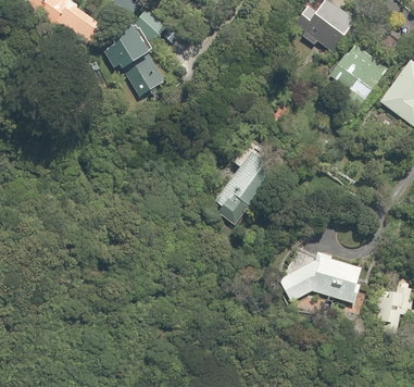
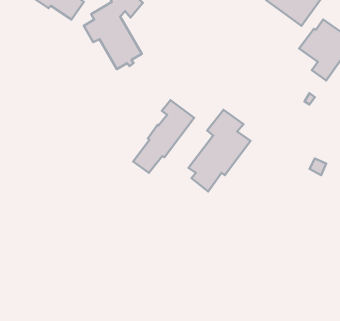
building: none -> [133,100,194,173]
building: [279,246,361,302] -> none

